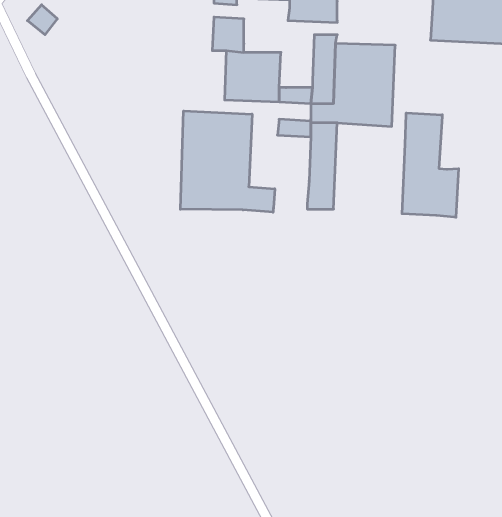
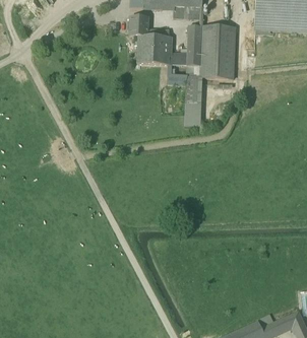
building: [180,111,275,212] -> none
building: [402,113,459,217] -> none

